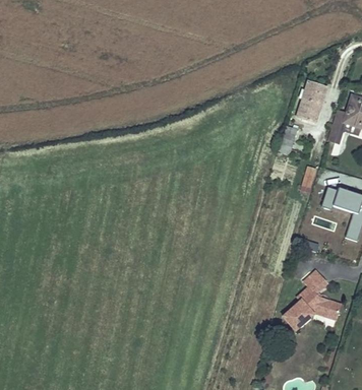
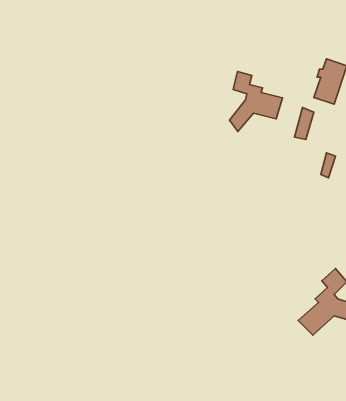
building: none -> [229,72,282,132]

